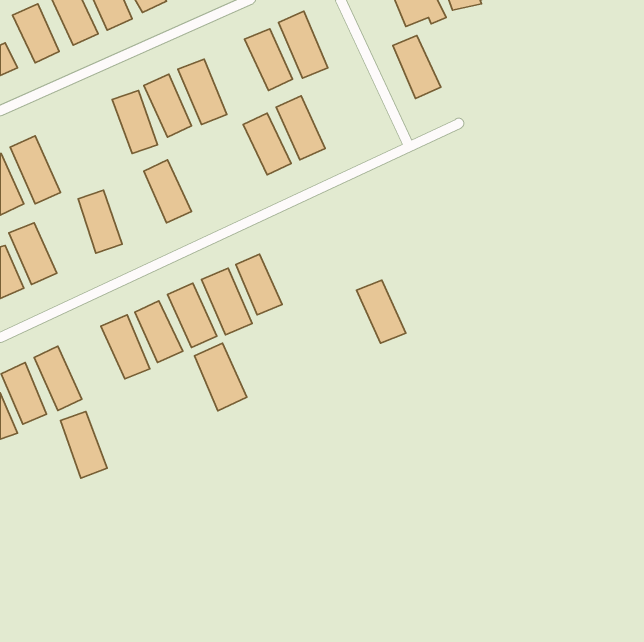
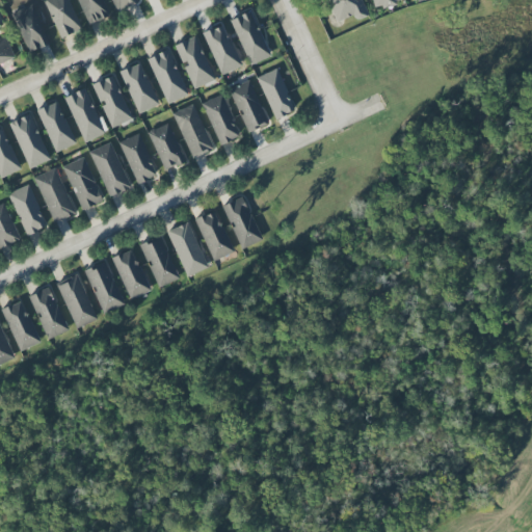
building: [393,35,441,98] -> [257,68,296,119]
building: none -> [175,35,213,88]
building: none -> [64,87,105,141]
building: none -> [37,101,74,152]
building: none -> [172,103,213,157]
building: none -> [148,122,185,169]
building: none -> [88,141,131,197]
building: none -> [33,167,75,222]
building: [357,280,406,343] -> [221,196,262,248]
building: [194,343,247,411] -> none
building: [61,412,107,478] -> [57,273,96,328]

